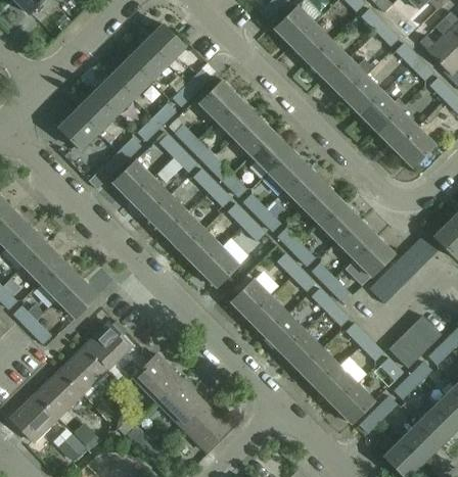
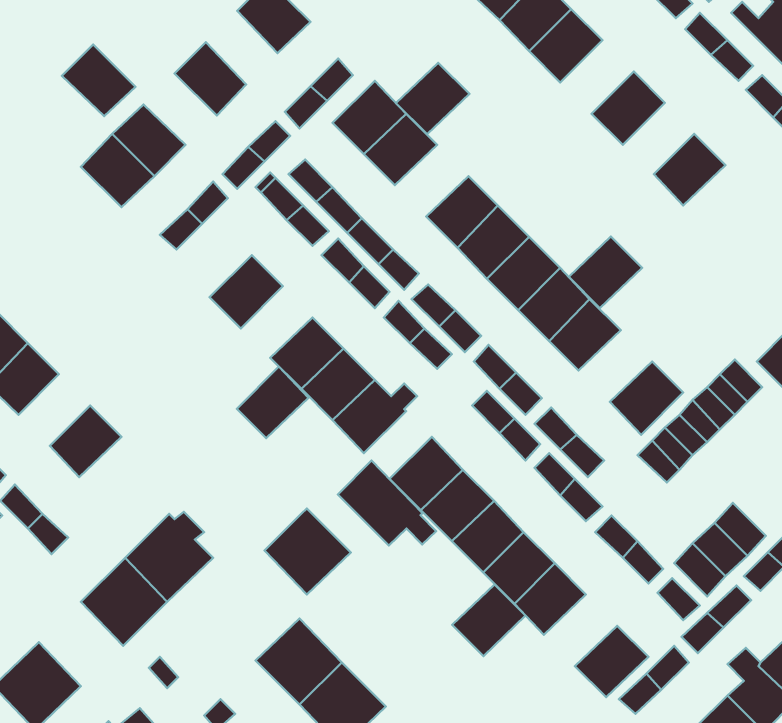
building: [128,41,168,82] -> none
building: [325,57,371,98] -> none
building: [93,76,134,115] -> [62,45,135,116]
building: [360,92,405,132] -> none
building: [233,115,274,155] -> [396,63,469,134]
building: [394,127,436,168] -> none
building: [112,159,153,200] -> none
building: [147,194,187,234] -> [237,367,308,438]
building: [335,219,376,258] -> [569,237,642,308]
building: [24,243,63,283] -> none
building: [57,278,98,319] -> none
building: none -> [338,460,436,545]
building: [132,354,180,402] -> [265,508,351,595]
building: [316,366,357,406] -> [452,584,526,656]
building: [35,370,82,417] -> none

